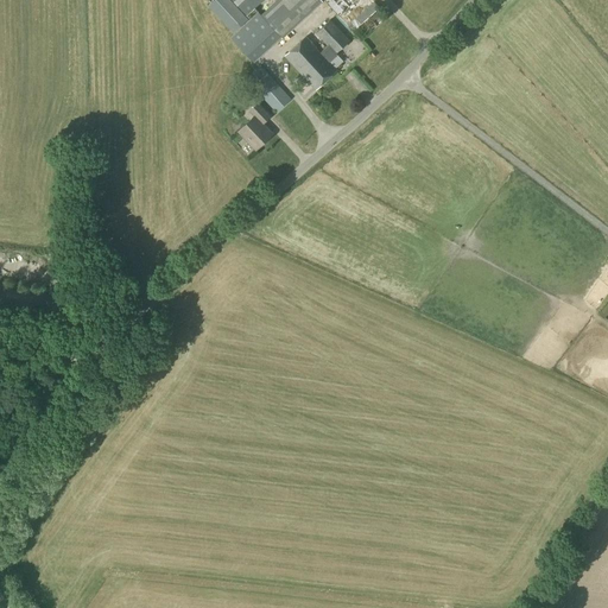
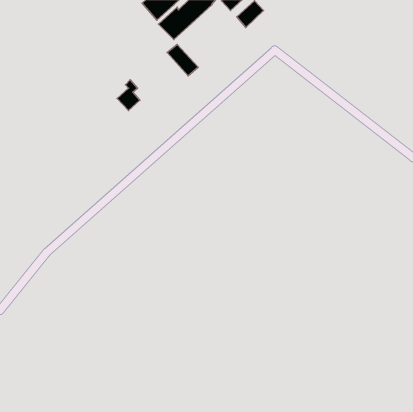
building: [285,19,349,89] -> none
building: [239,103,272,148] -> [117,80,140,111]

